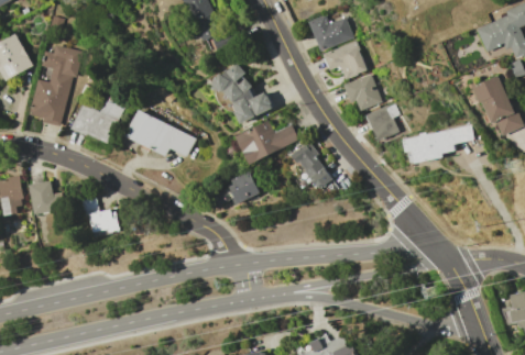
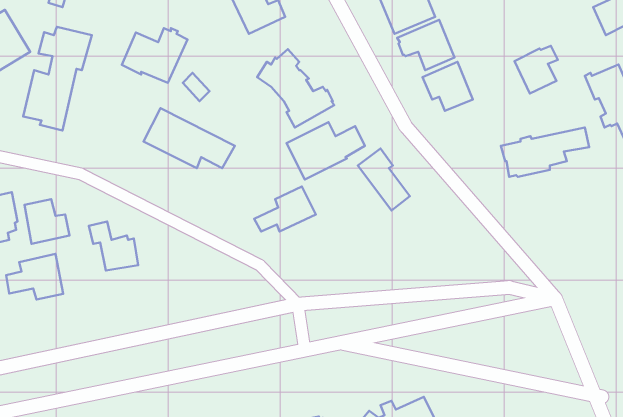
building: [70,100,122,143] -> [122,28,188,83]
building: [365,103,400,141] -> [514,46,558,93]
building: none -> [6,254,63,299]

